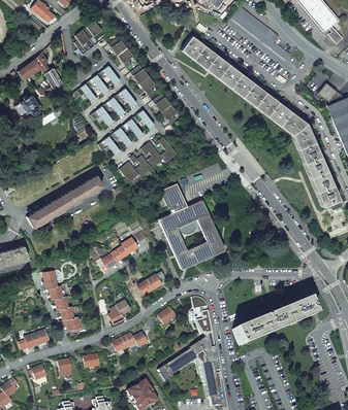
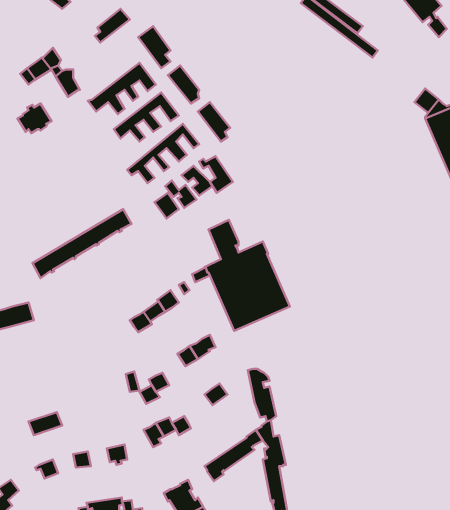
building: [184,39,341,209] -> none
building: [44,277,80,332] -> none
building: [232,299,315,346] -> none

